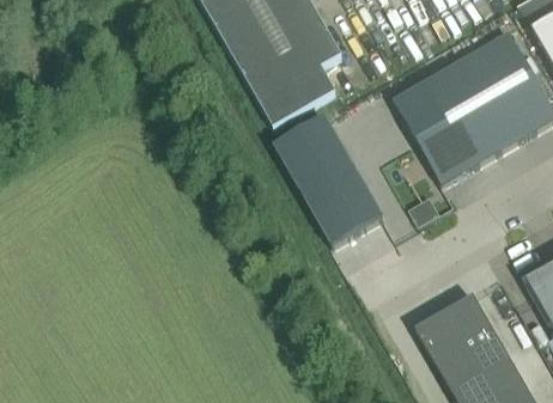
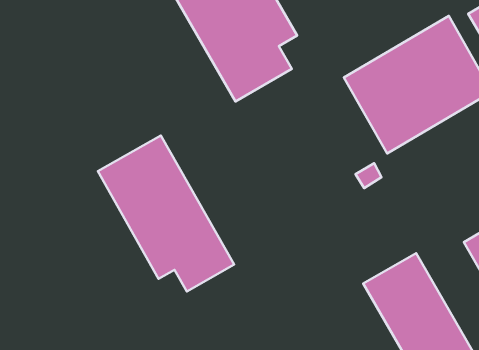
building: [273,115,384,248] -> none
building: none -> [98,135,234,292]

